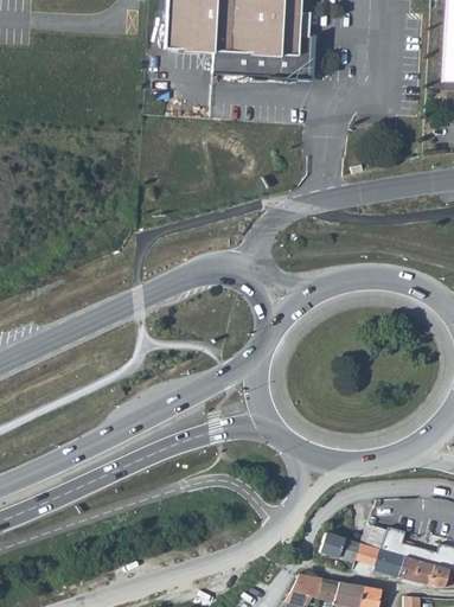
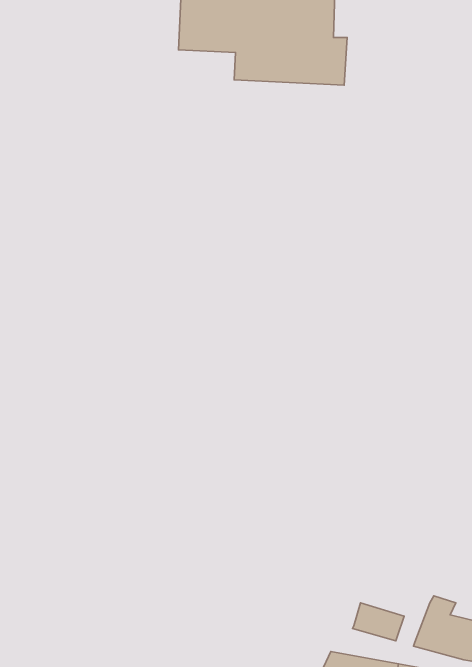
building: [358,524,386,566] -> none

